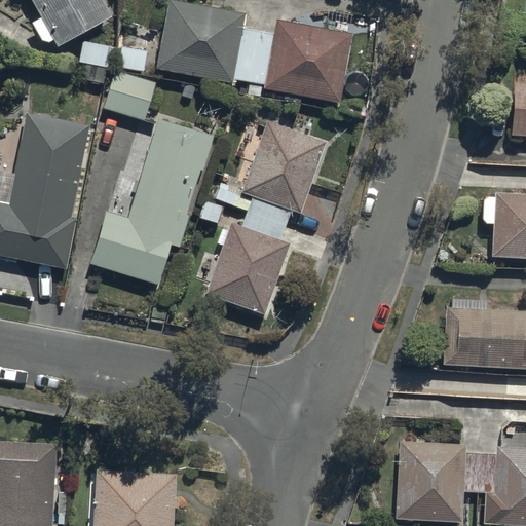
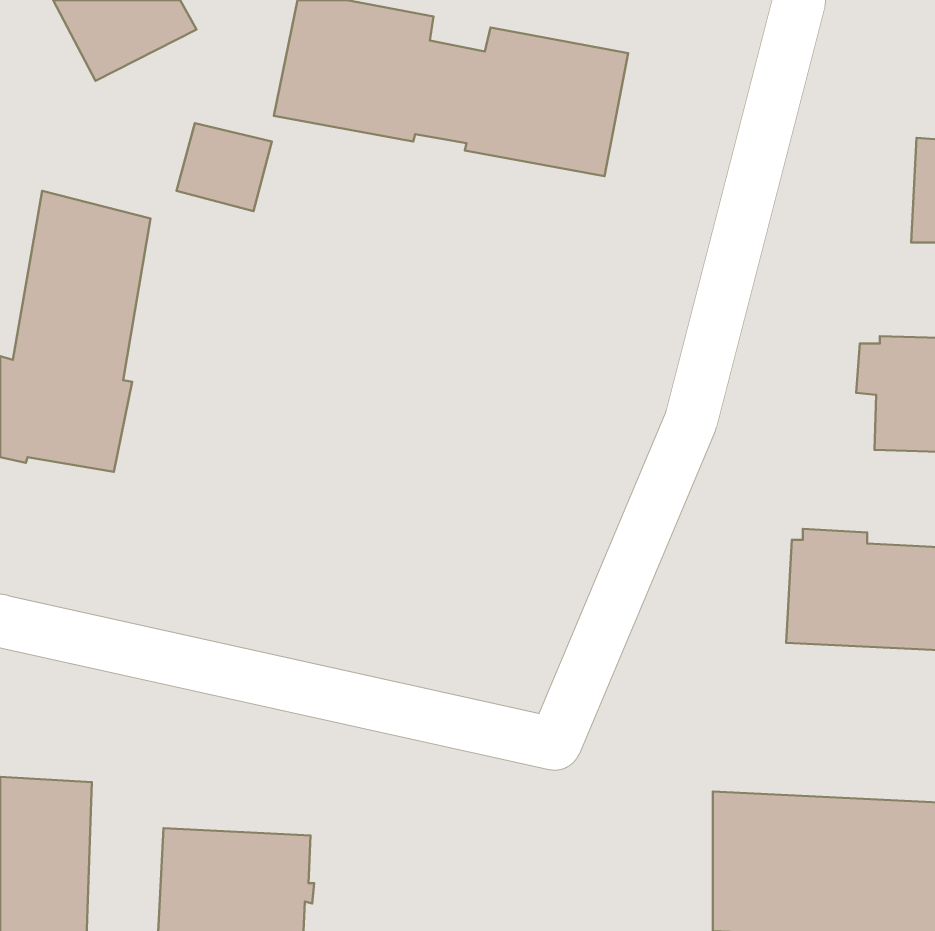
building: [90,119,213,285] -> none
building: [205,121,324,313] -> none

